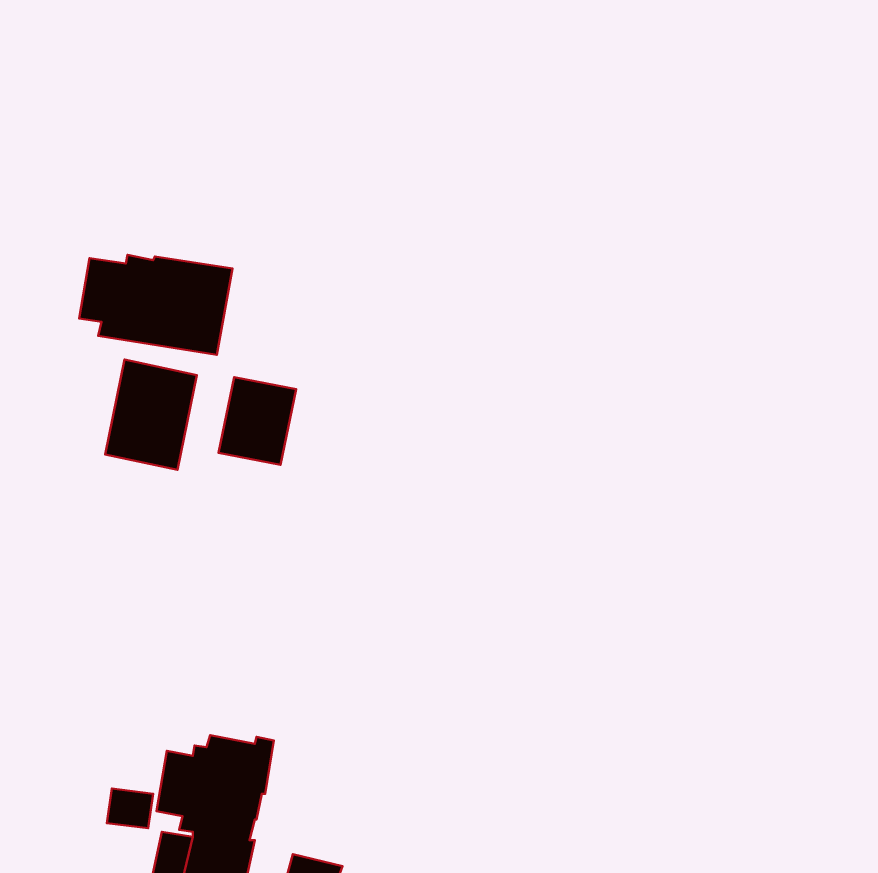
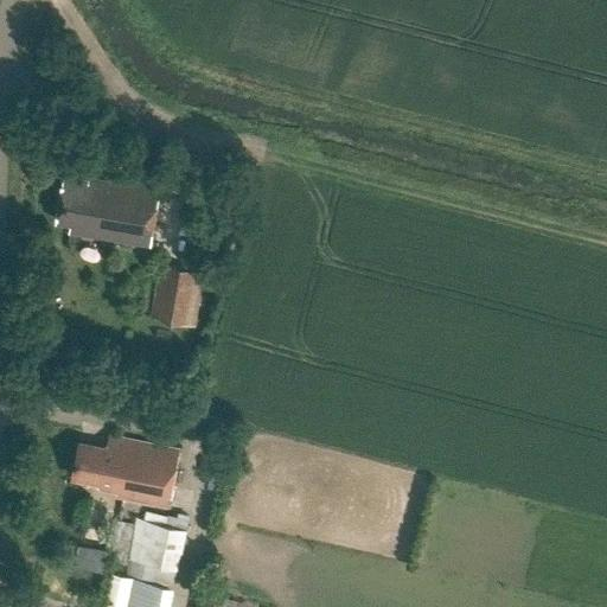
building: [105,360,197,470] -> none
building: none -> [71,439,178,507]

